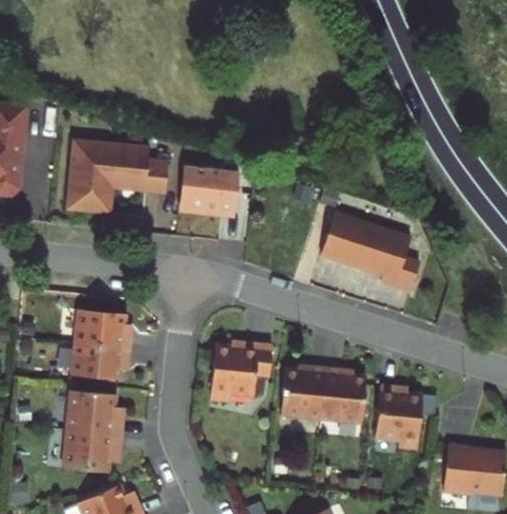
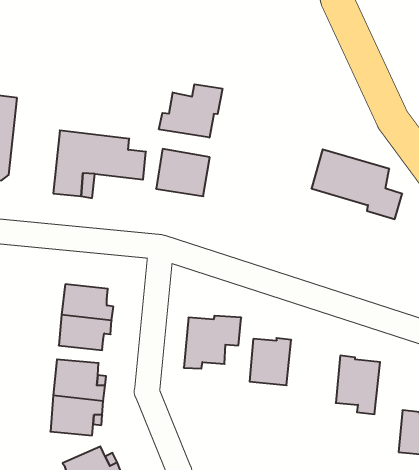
building: none -> [159,84,222,138]
building: [318,215,417,290] -> [311,149,402,219]
building: [321,368,366,422] -> none

